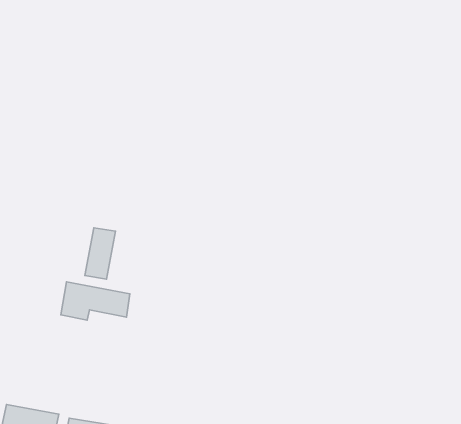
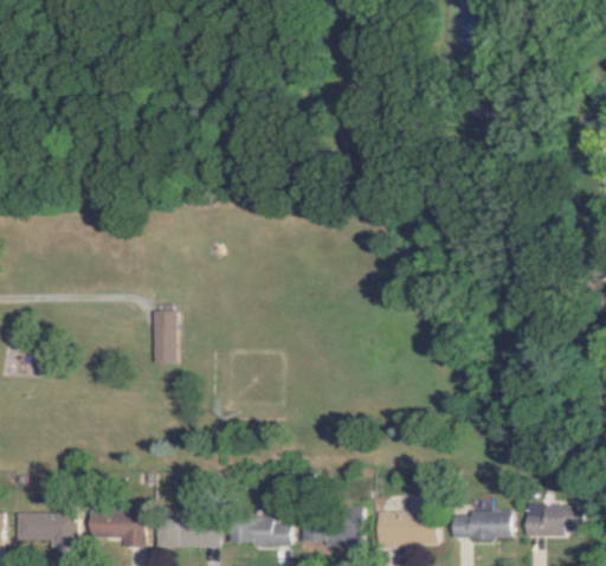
building: [61,282,130,320] -> none

